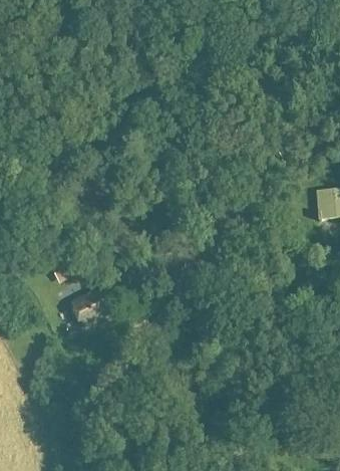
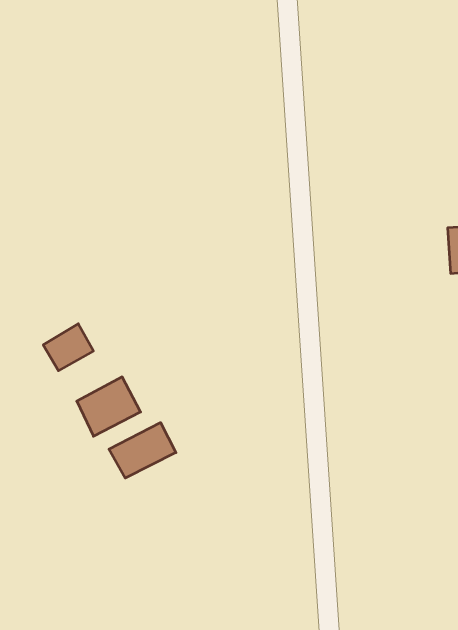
building: none -> [109,423,176,478]

